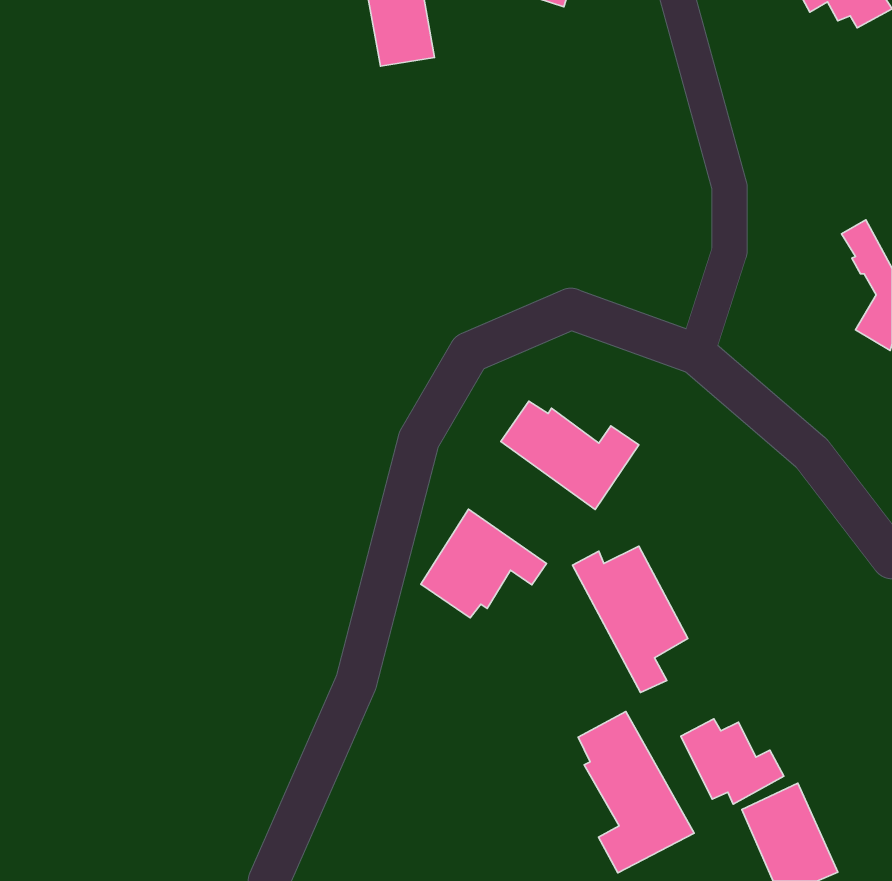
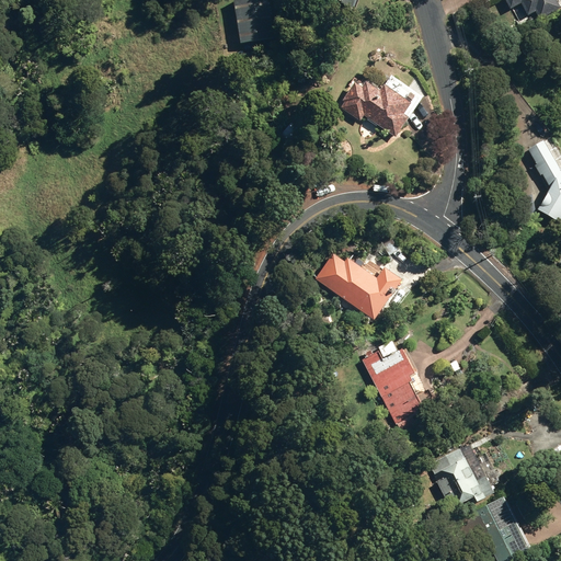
building: none -> [341,72,422,135]
building: [421,509,547,618] -> none
building: [578,711,694,873] -> none

